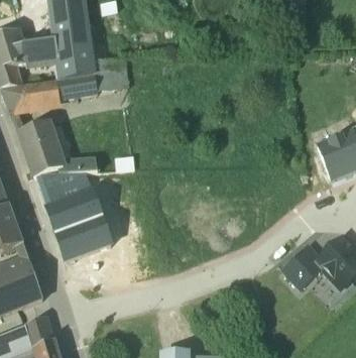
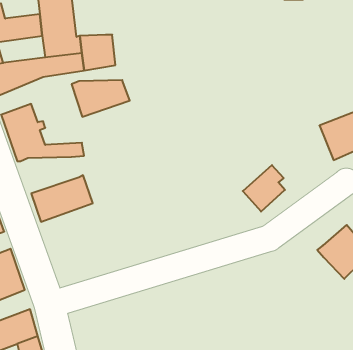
building: [37,172,92,207] -> [72,80,130,117]
building: [56,216,114,258] -> none
building: [281,243,321,286] -> [243,165,285,212]

